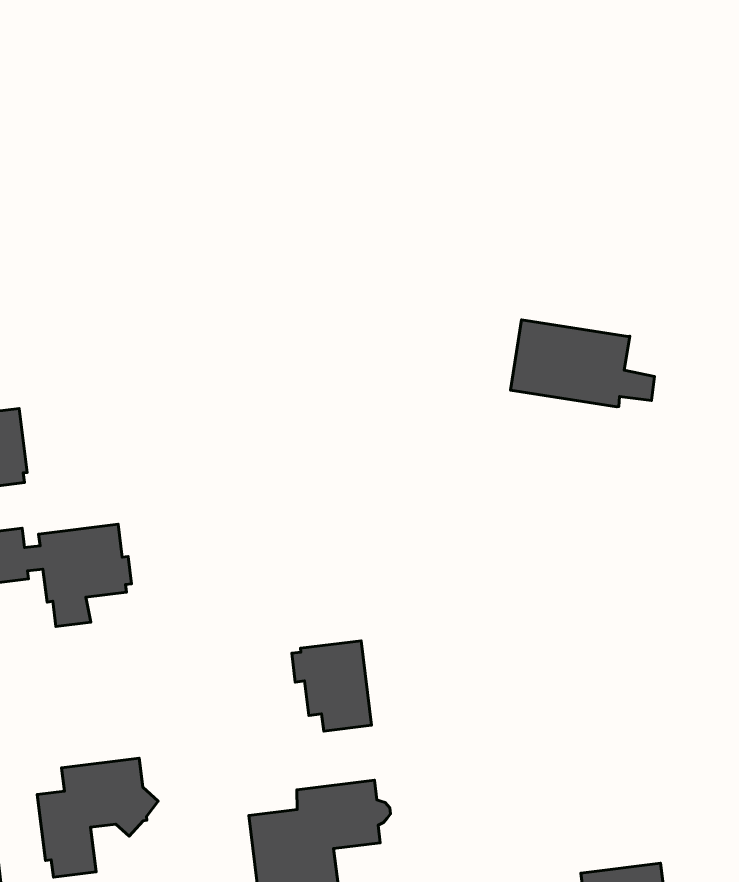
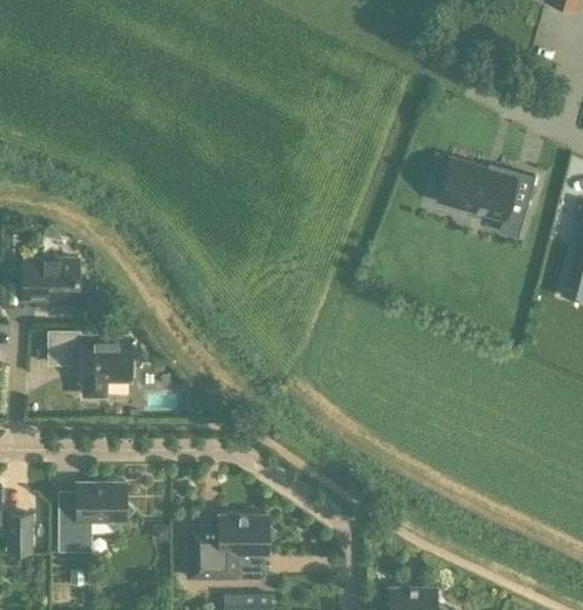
building: [510,320,655,407] -> [438,159,527,220]
building: [292,641,372,731] -> none

